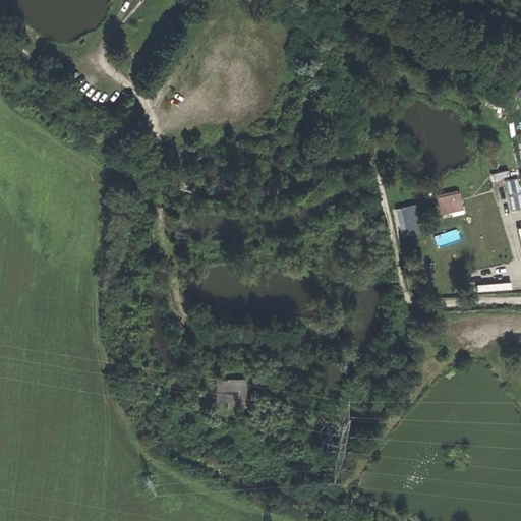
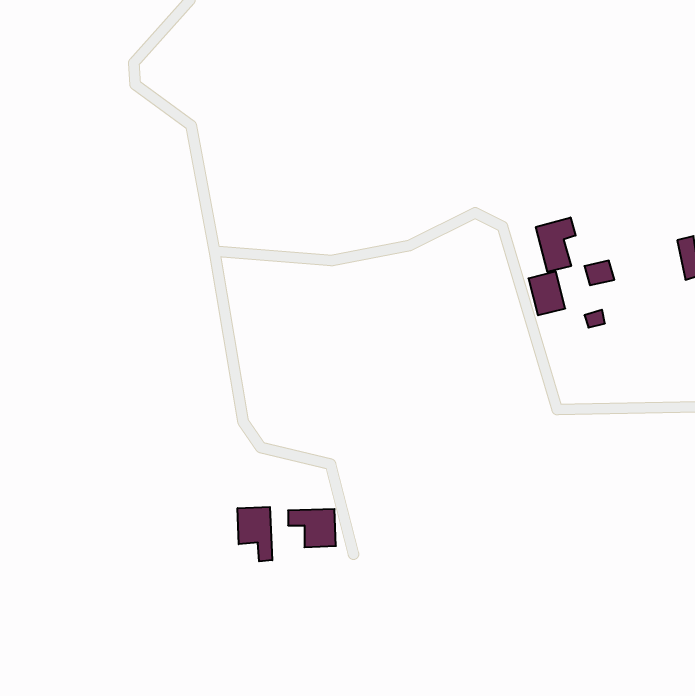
building: none -> [536,217,576,272]
building: none -> [238,507,272,561]

